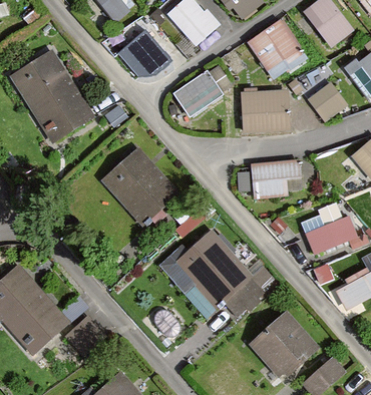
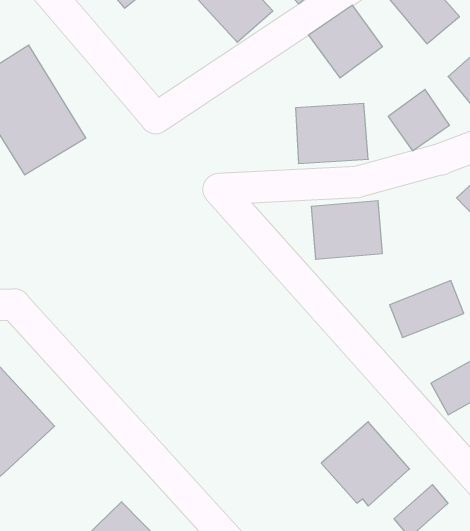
building: [119,28,173,75] -> none
building: [172,68,226,118] -> none
building: [98,144,176,224] -> none
building: [173,229,263,319] -> none

